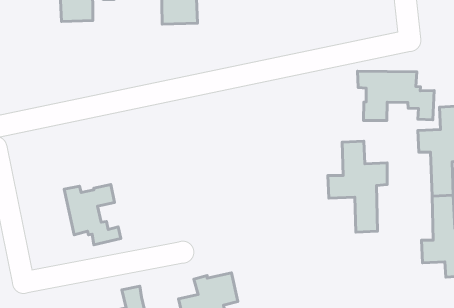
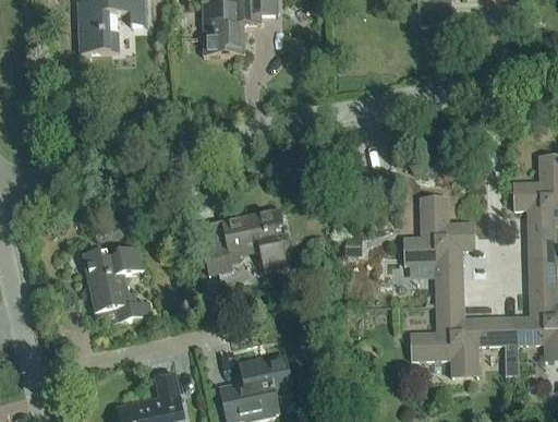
building: [358,71,434,121] -> none
building: none -> [206,209,286,276]
building: none -> [410,305,518,384]

